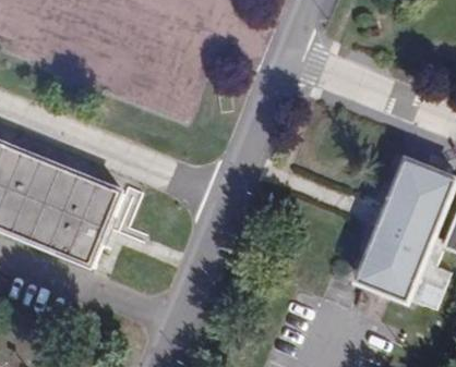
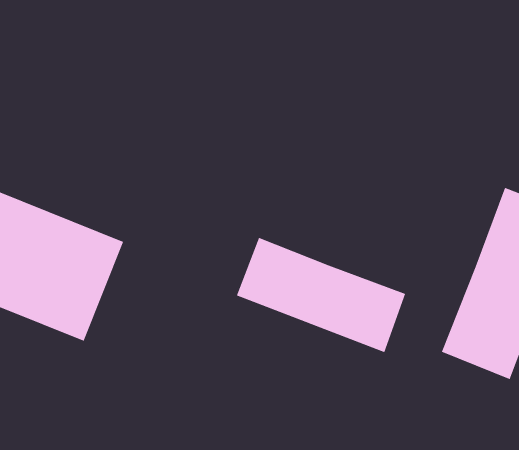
building: none -> [236,237,406,353]

